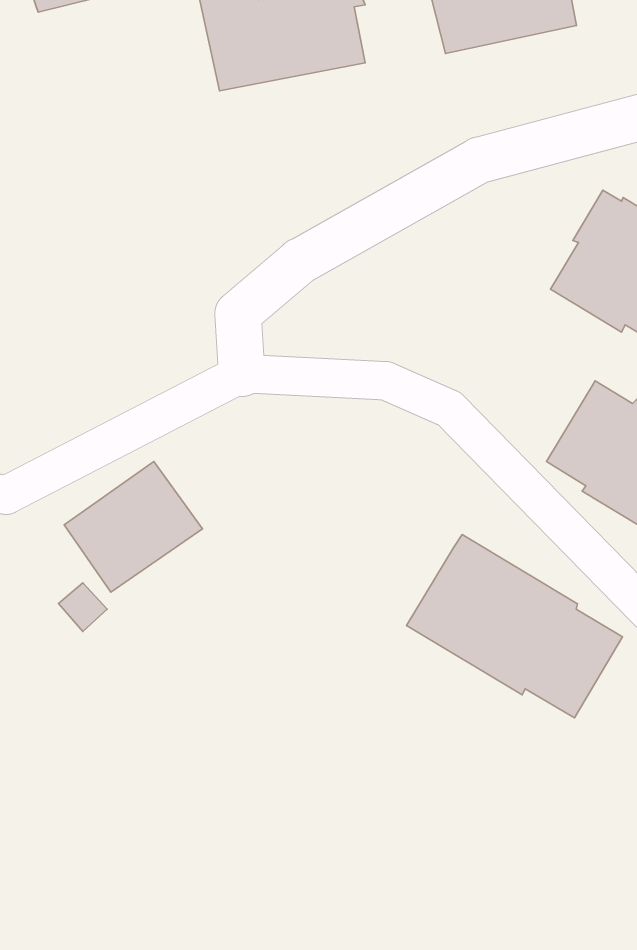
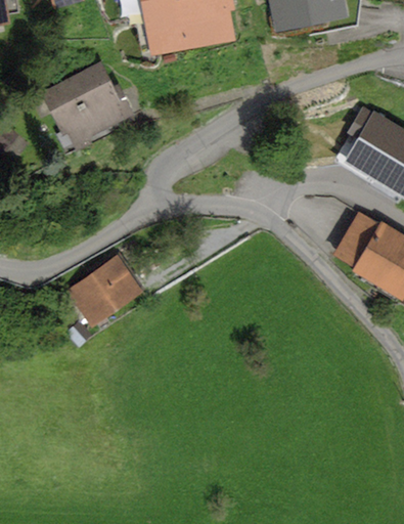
building: none -> [41,62,134,144]
building: [407,535,622,718] -> none

